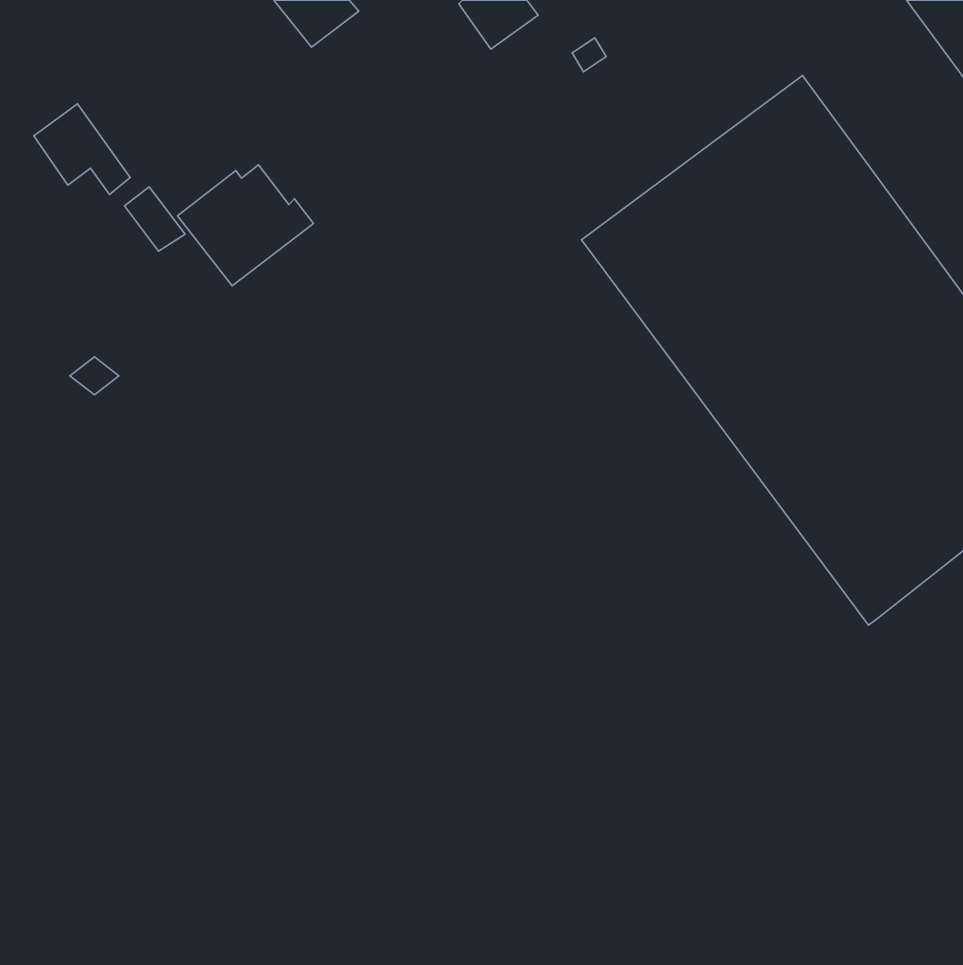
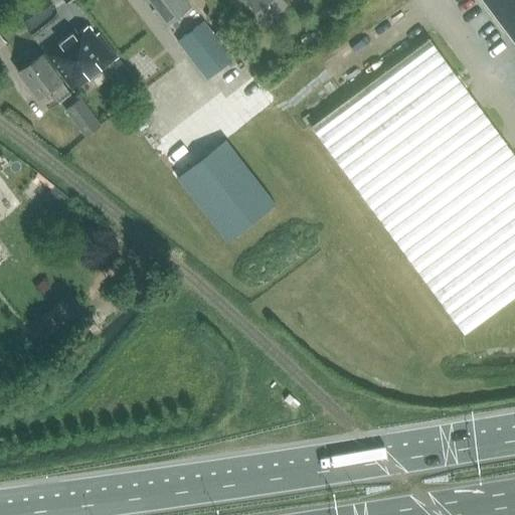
building: none -> [179,21,234,79]
building: [177,165,313,286] -> [46,26,119,91]
building: none -> [179,140,277,242]

